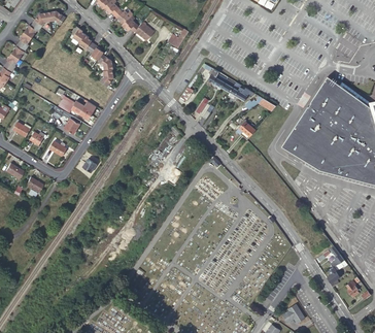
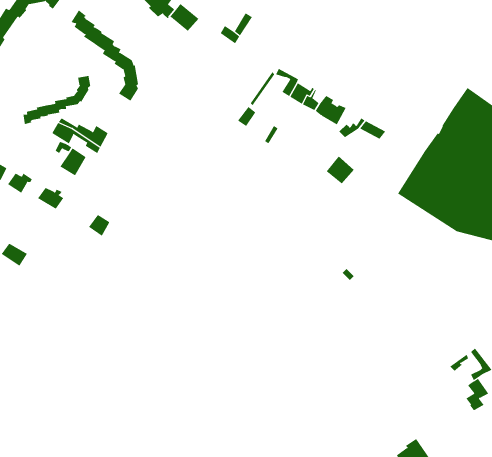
building: none -> [23,75,91,125]

